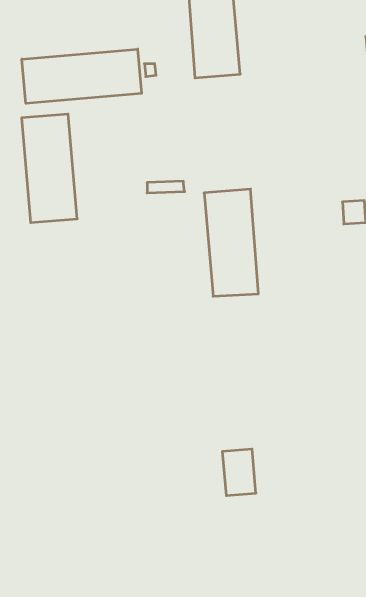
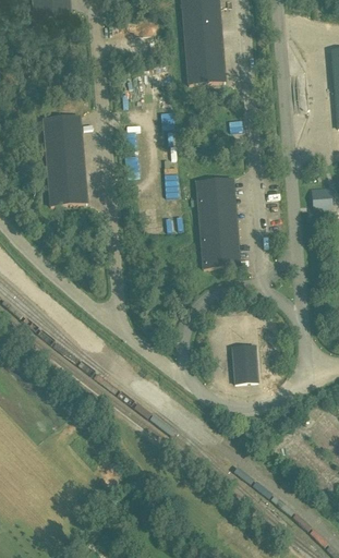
building: [22,49,142,103] -> none
building: [222,449,256,496] -> [230,343,258,383]

